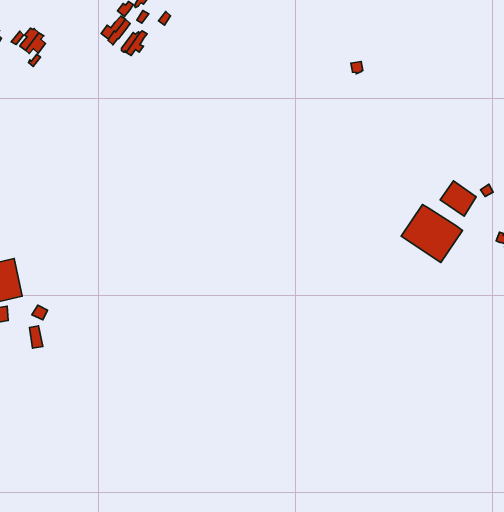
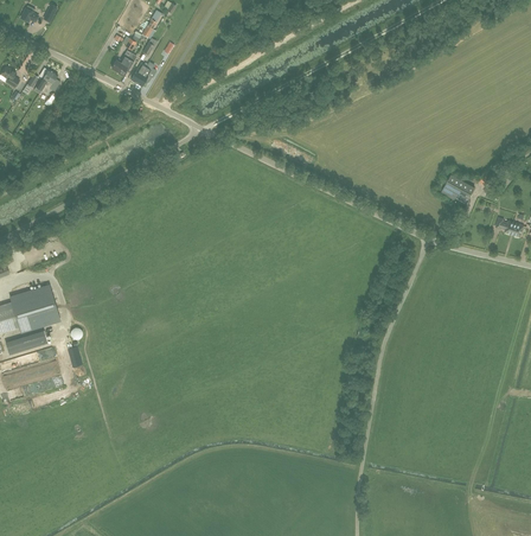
building: [401,204,462,262] -> none

